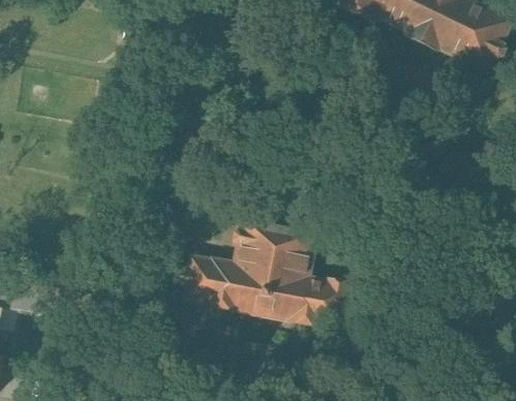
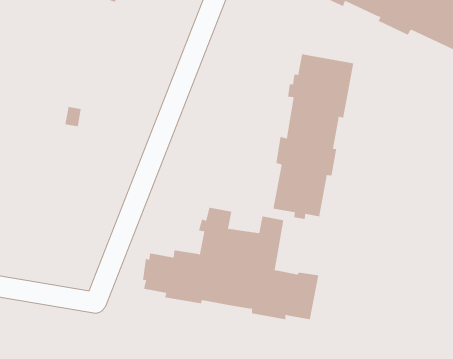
building: none -> [273,53,354,220]

